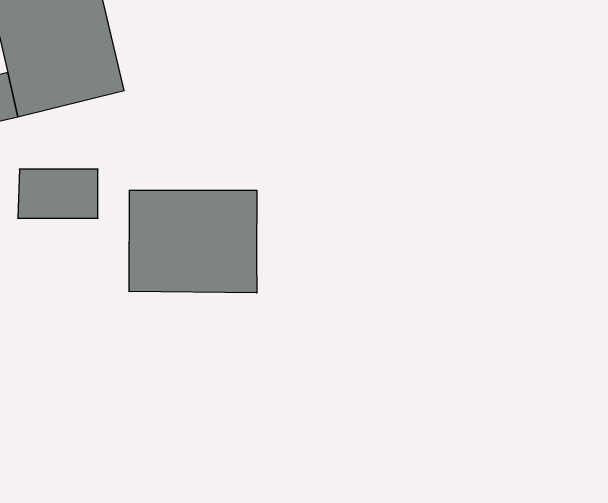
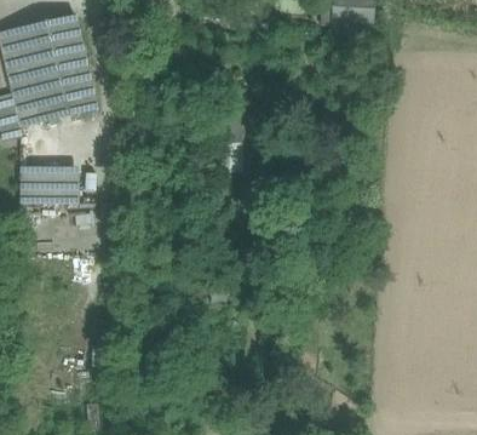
building: [129,190,257,293] -> none

